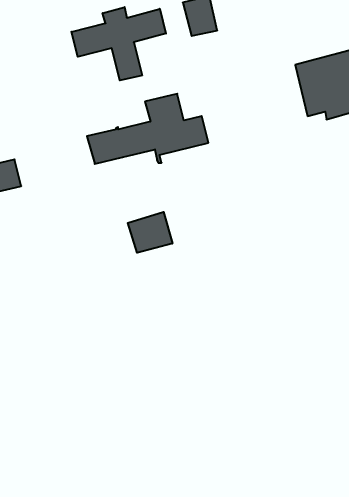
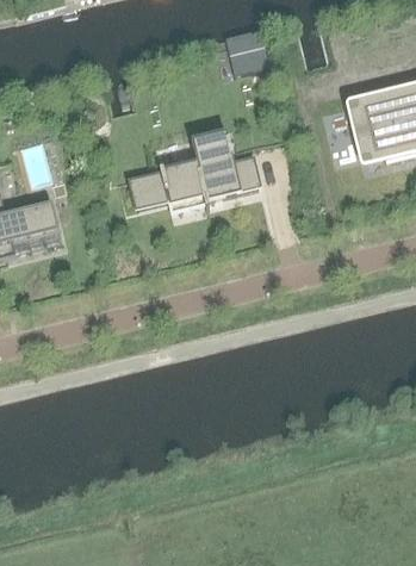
building: [71,7,166,80] -> none
building: [128,212,172,253] -> none

